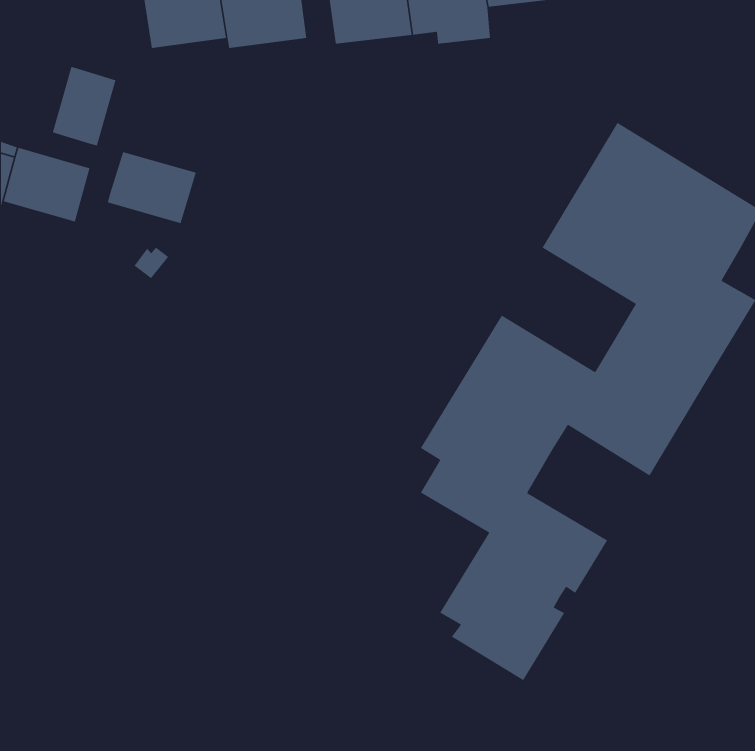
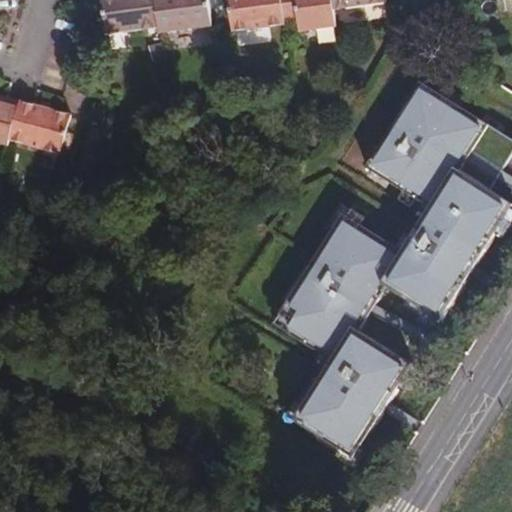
building: [52,66,117,147] -> none
building: [107,151,197,224] -> none

